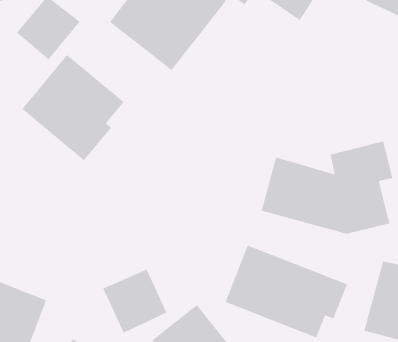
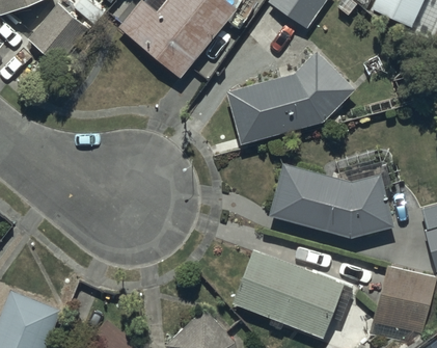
building: none -> [227,51,355,145]
building: [22,54,124,161] -> none
building: [102,269,167,333] -> none

